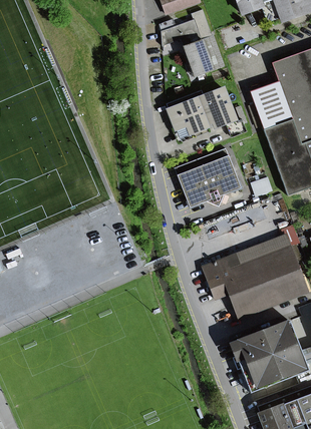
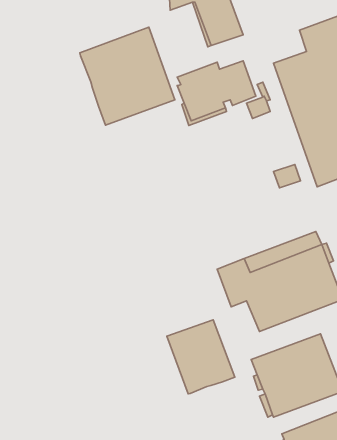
building: none -> [80,27,175,125]
building: [174,147,241,207] -> none
building: none -> [167,320,235,394]

